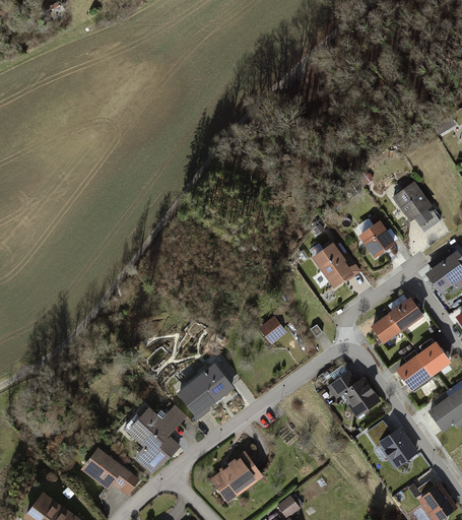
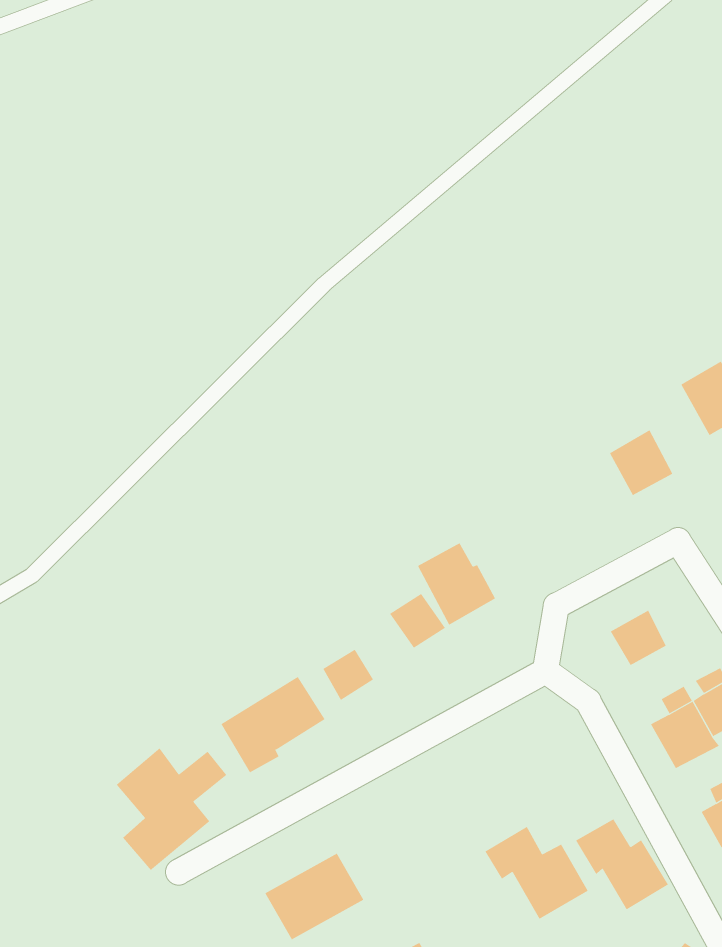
building: [316,243,357,285] -> [417,543,496,626]
building: [390,298,423,330] -> none
building: none -> [322,649,374,701]
building: [326,371,381,417] -> [484,826,589,920]
building: [84,448,139,494] -> none

